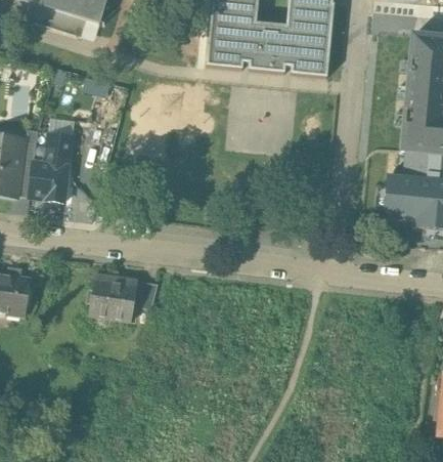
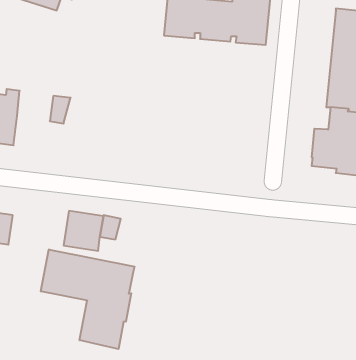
building: [30,131,71,199] -> none
building: none -> [41,249,135,349]

